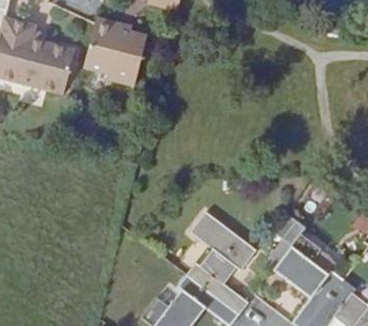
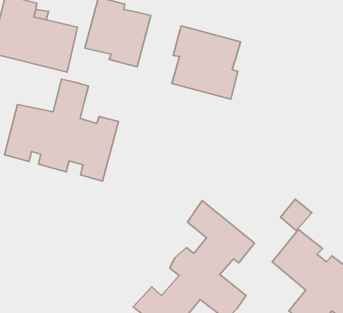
building: none -> [172,26,241,99]
building: none -> [5,79,118,181]

